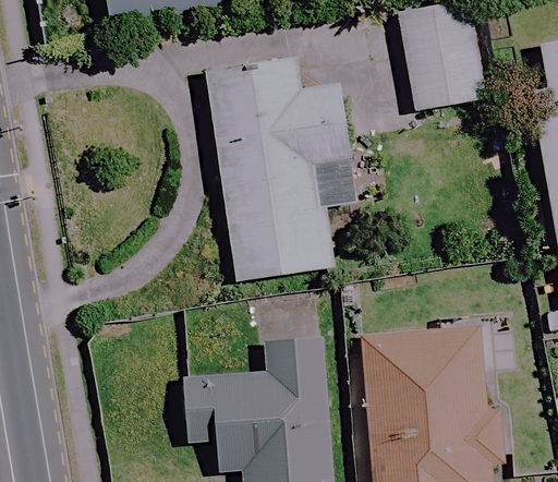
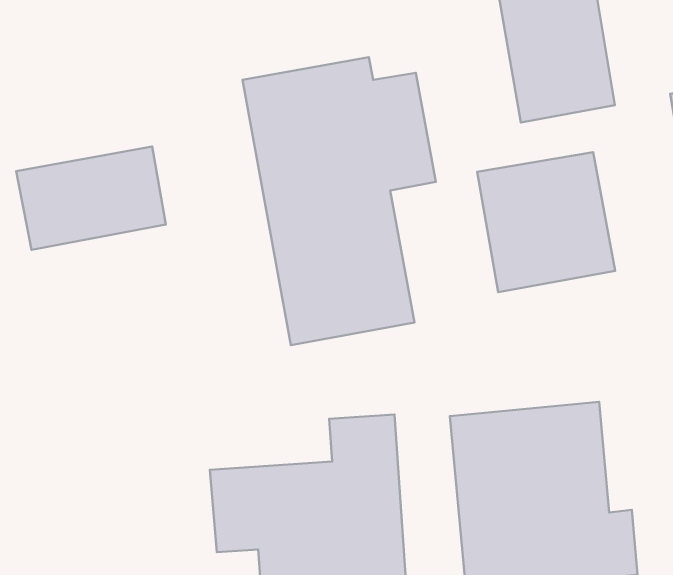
building: none -> [16,147,166,250]
building: none -> [477,152,615,292]

